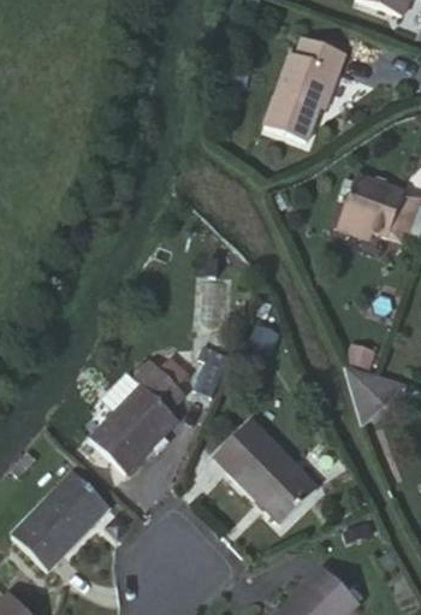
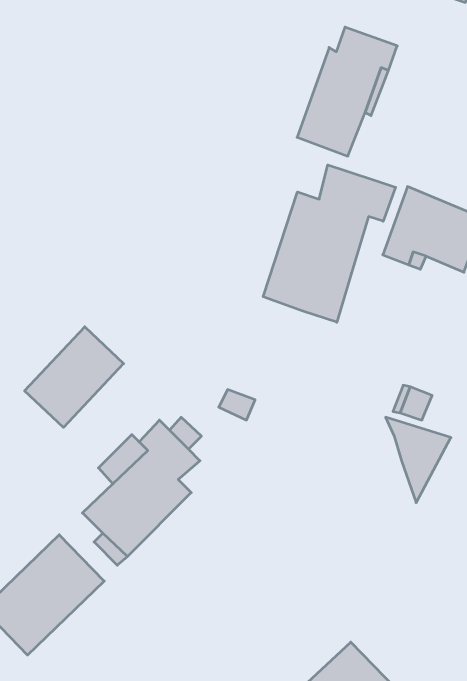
building: none -> [263,165,396,322]
building: none -> [25,327,124,427]
building: [213,408,315,511] -> none

